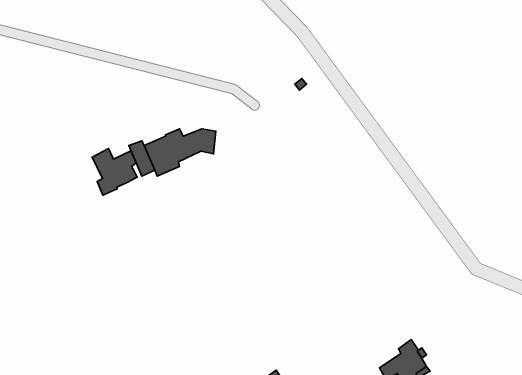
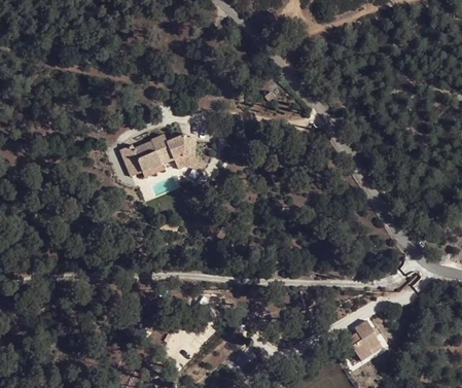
building: [92,148,137,195] -> none

